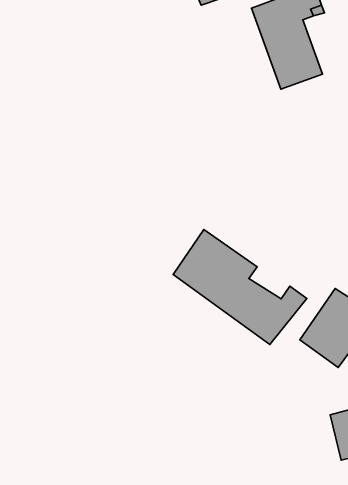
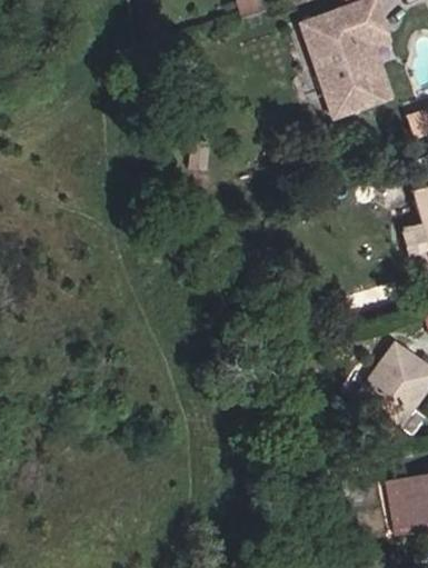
building: [173,229,307,345] -> none

